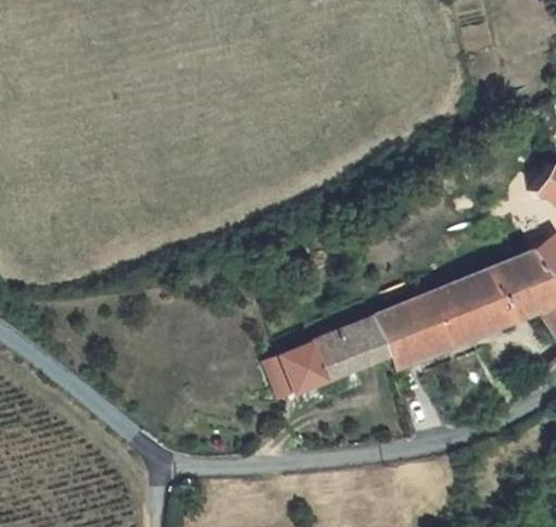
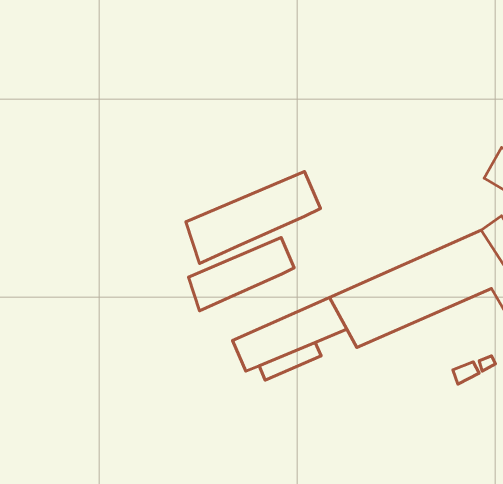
building: none -> [186,172,320,263]
building: none -> [188,238,294,311]

